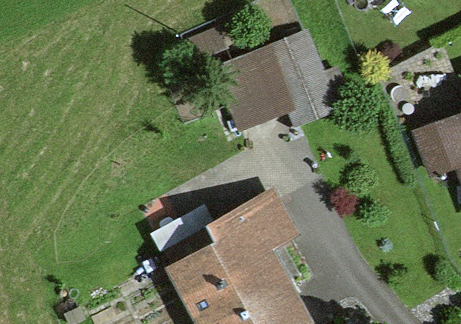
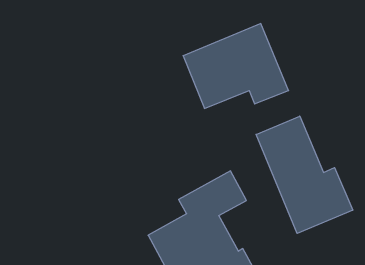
building: none -> [256,116,353,233]

